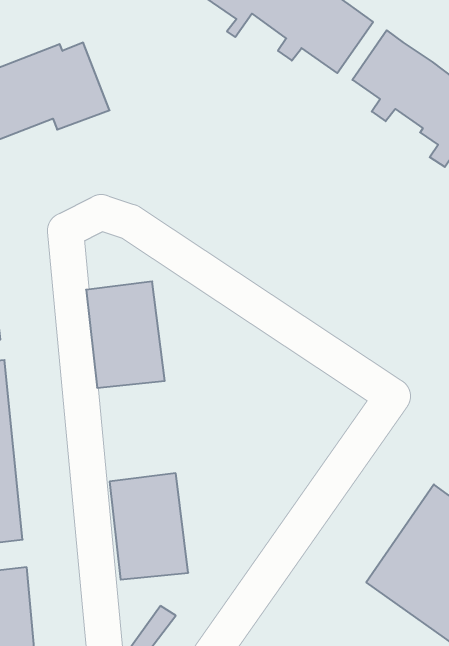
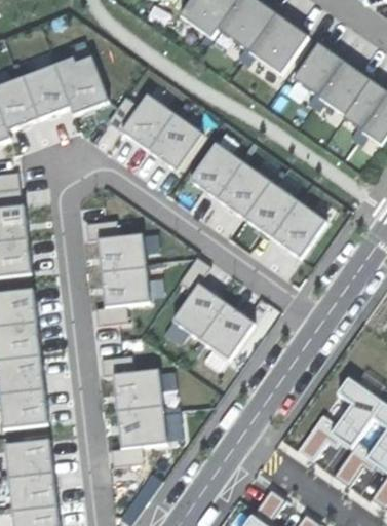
building: none -> [118,90,207,174]
building: none -> [187,139,330,260]
building: none -> [168,279,259,364]

